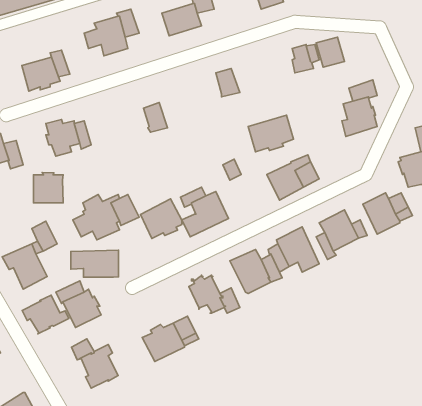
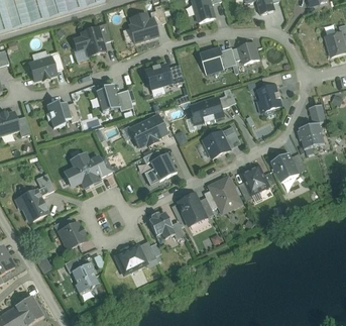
building: none -> [199,46,224,75]
building: none -> [144,64,170,89]
building: none -> [95,84,119,111]
building: [33,172,63,203] -> none
building: [141,199,182,238] -> [129,118,158,146]
building: [71,250,119,277] -> none
building: [22,295,69,334] -> none

